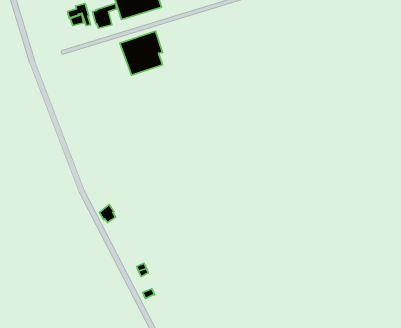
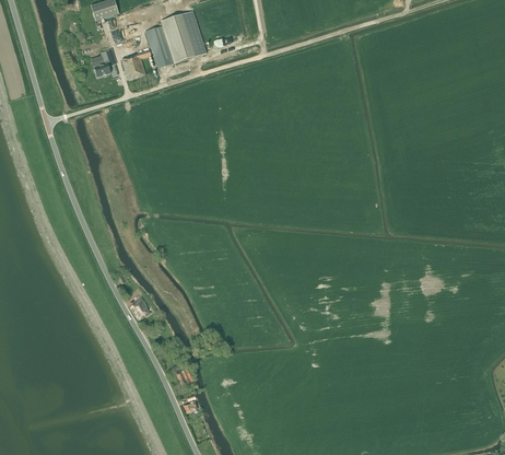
building: [120,31,163,75] -> none

